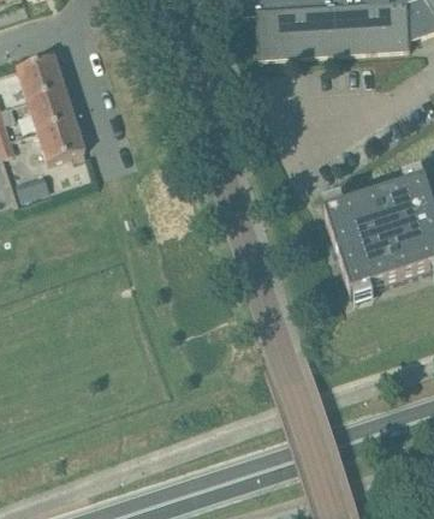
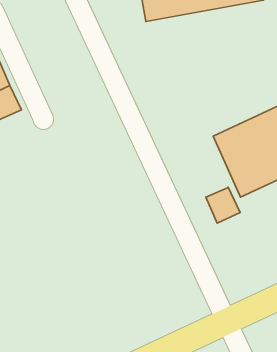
building: none -> [206,187,240,223]

